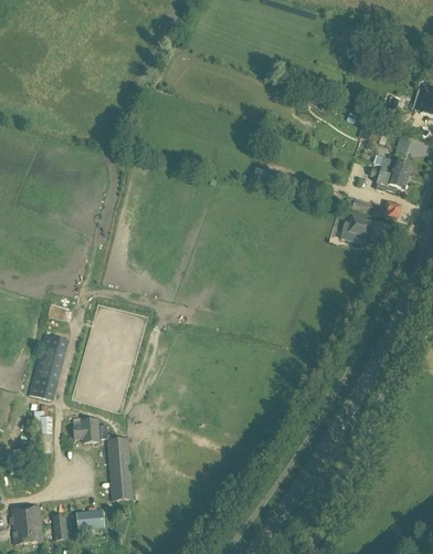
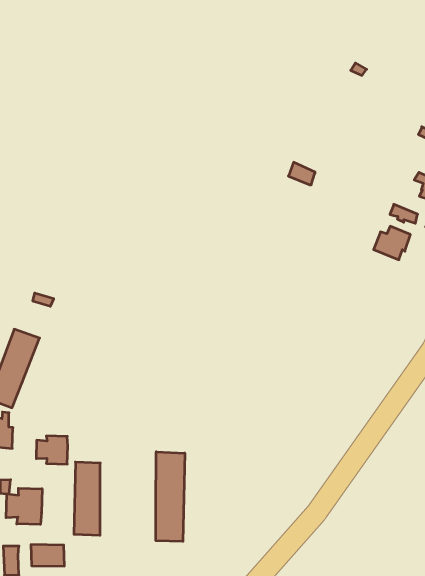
building: none -> [156,452,185,541]
building: none -> [6,488,42,524]

